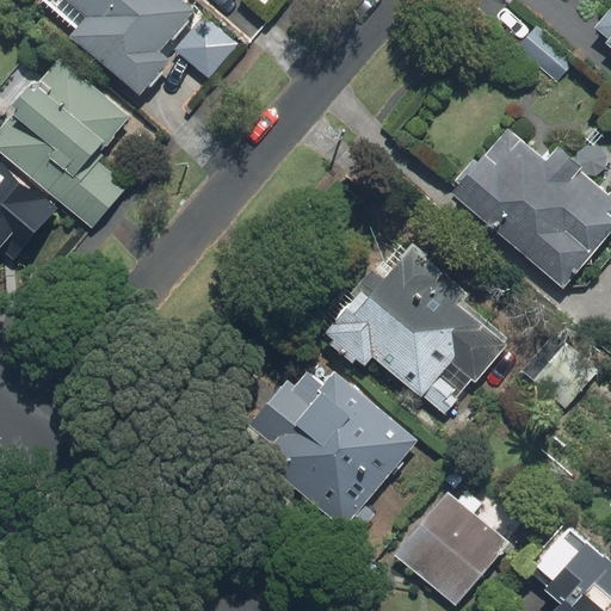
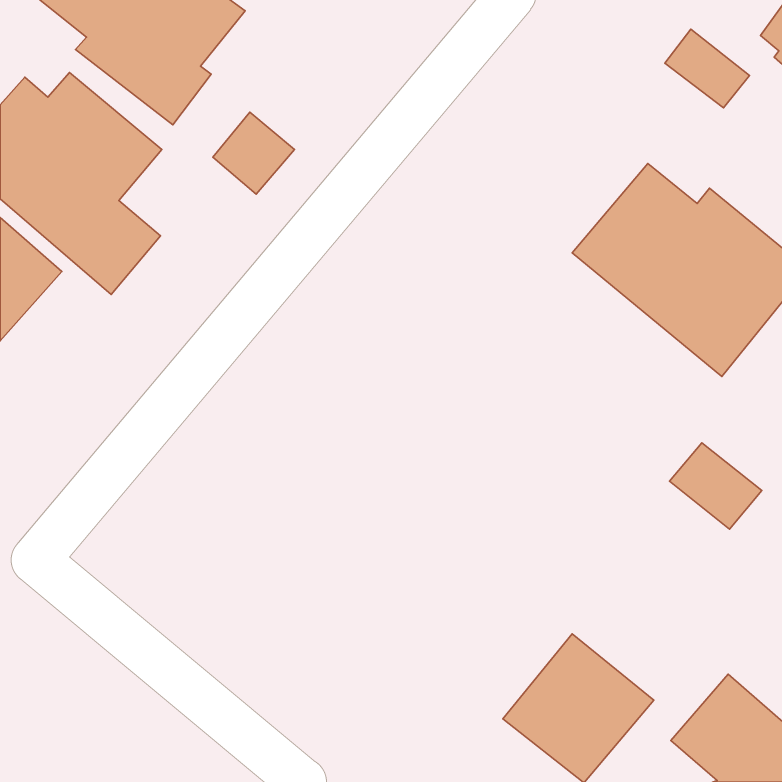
building: [178,14,241,78] -> [213,112,295,194]
building: [319,237,512,419] -> none
building: [237,369,419,538] -> none

